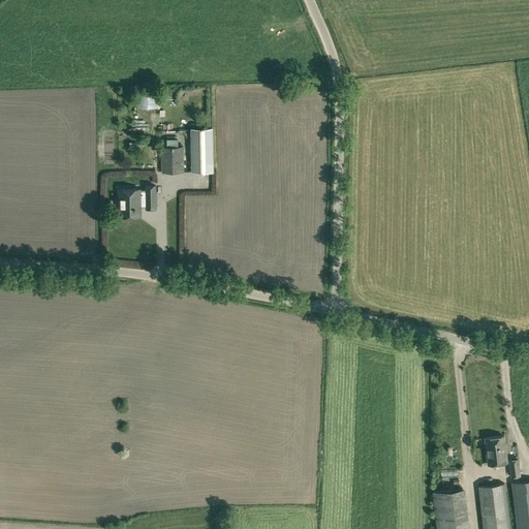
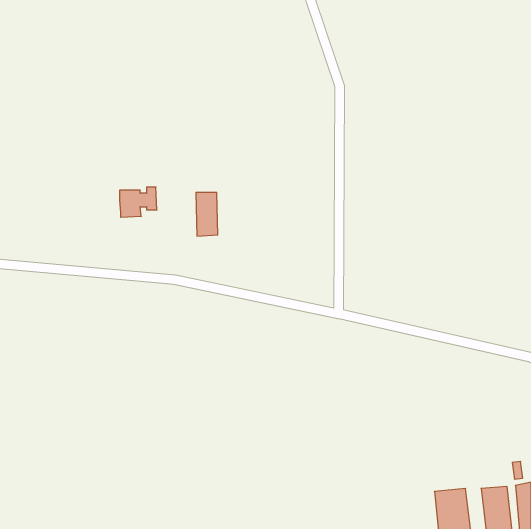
building: [191,130,213,174] -> [196,192,218,236]
building: [162,149,183,174] -> none
building: [486,438,506,466] -> none

